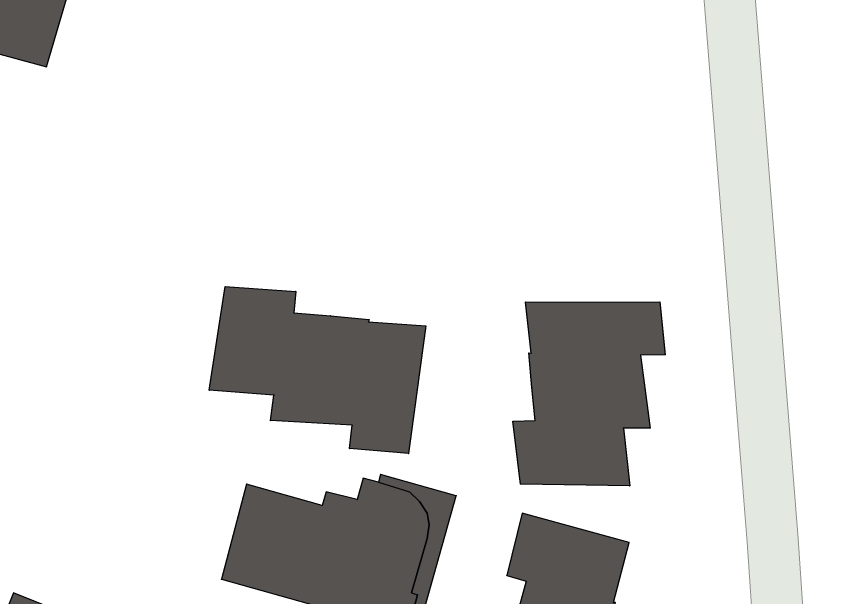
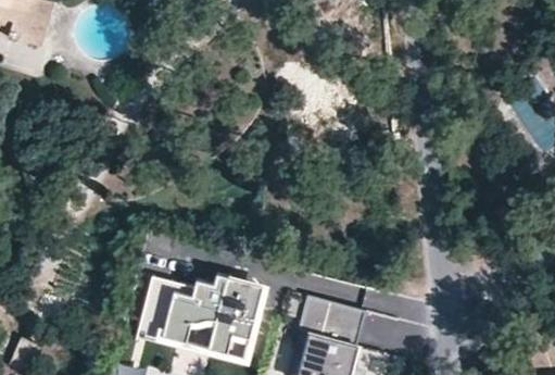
building: [209,287,426,454] -> none
building: [513,302,665,486] -> none

